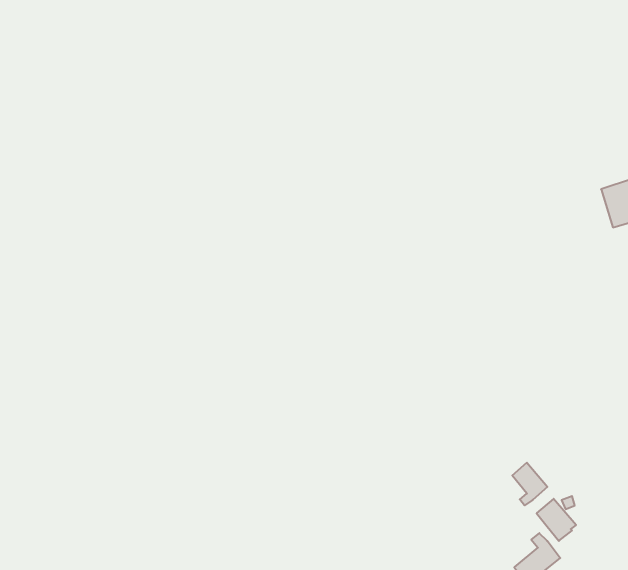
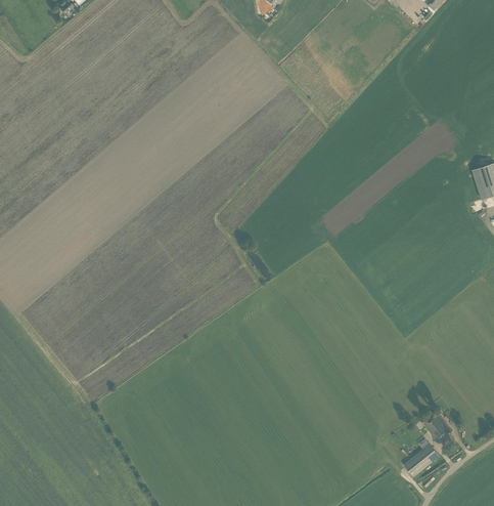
building: [512,463,547,505] -> none

